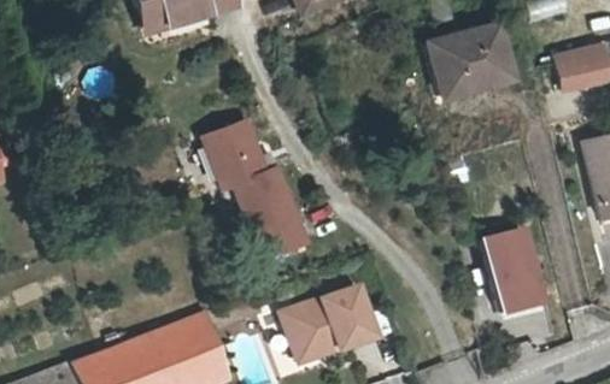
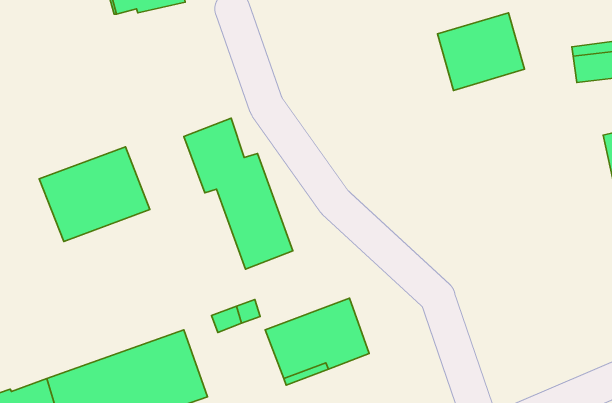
building: none -> [39,147,150,242]
building: [486,230,545,313] -> none

